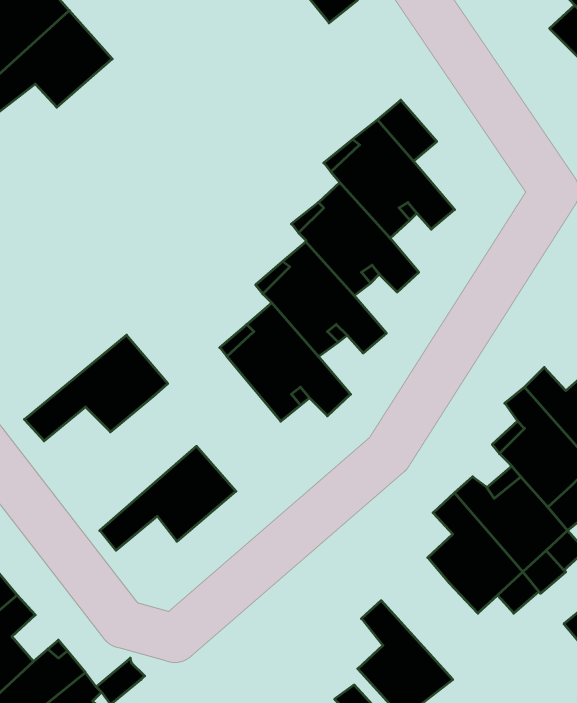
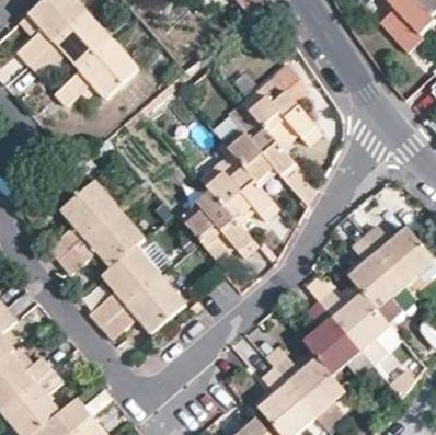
building: none -> [51,39,137,106]
building: none -> [47,180,119,260]
building: none -> [91,245,162,328]
building: none -> [275,358,347,419]

